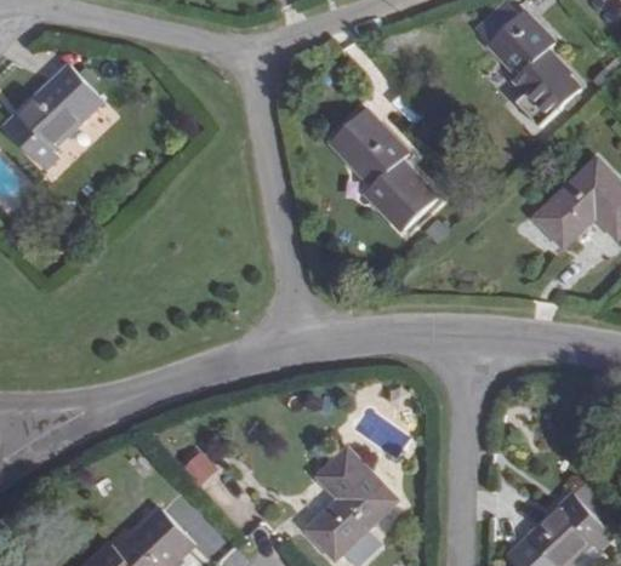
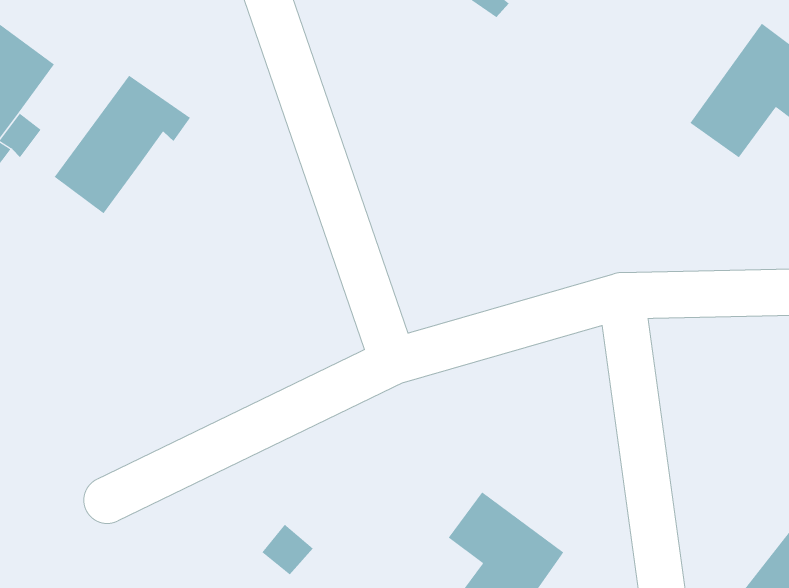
building: [331,109,434,227] -> none
building: none -> [54,75,191,214]

